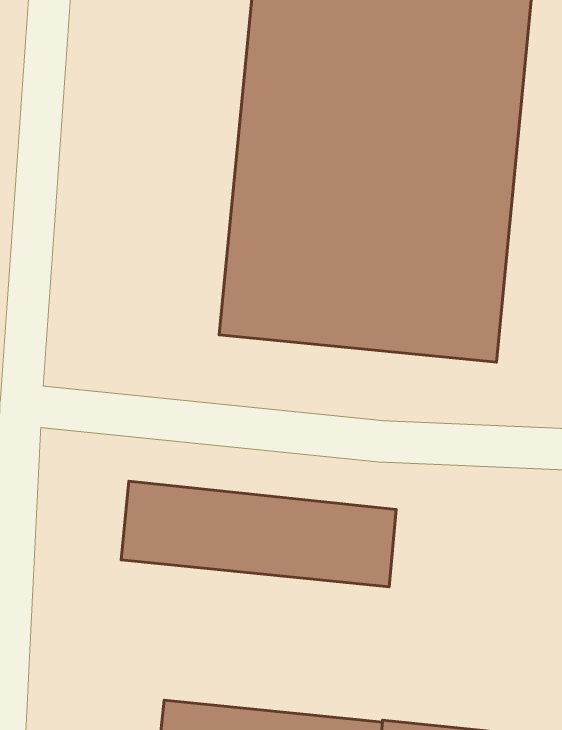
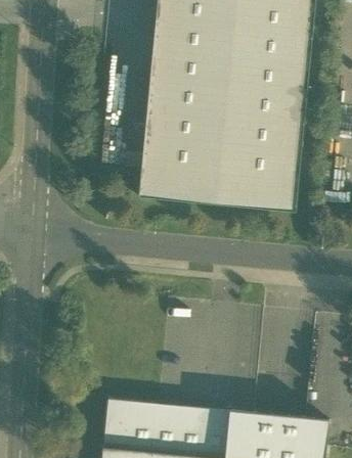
building: [121,481,396,587] -> none

